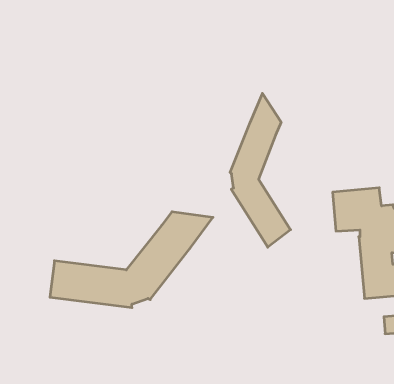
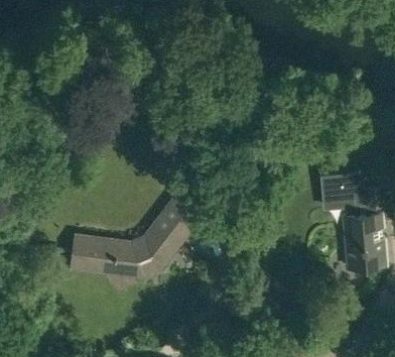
building: [230,93,291,247] -> none

